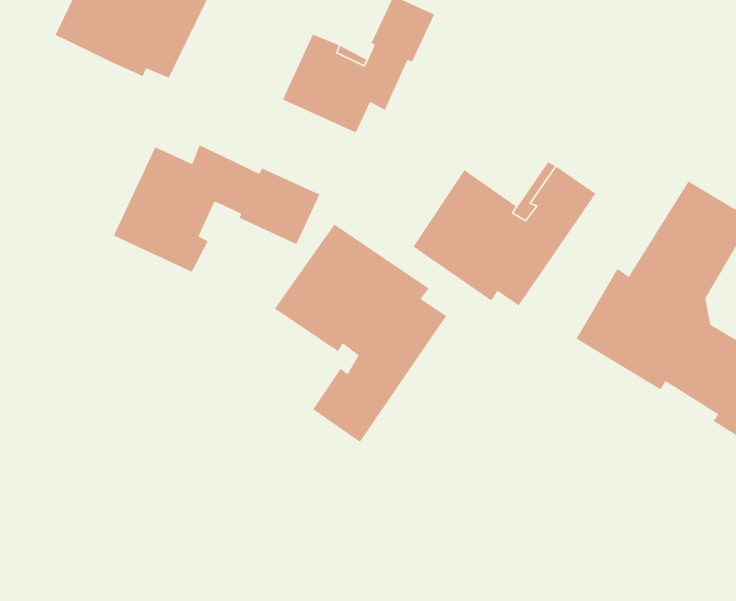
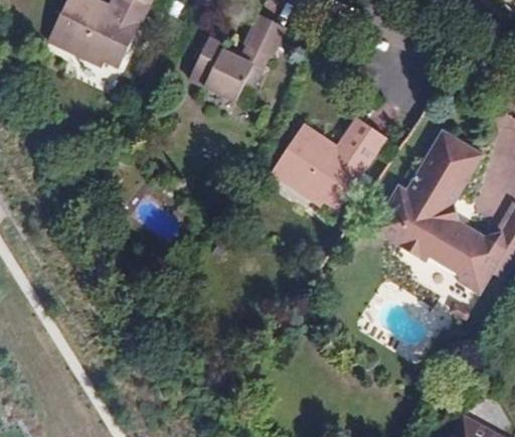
building: [113,144,320,273] -> none
building: [274,223,447,443] -> none

